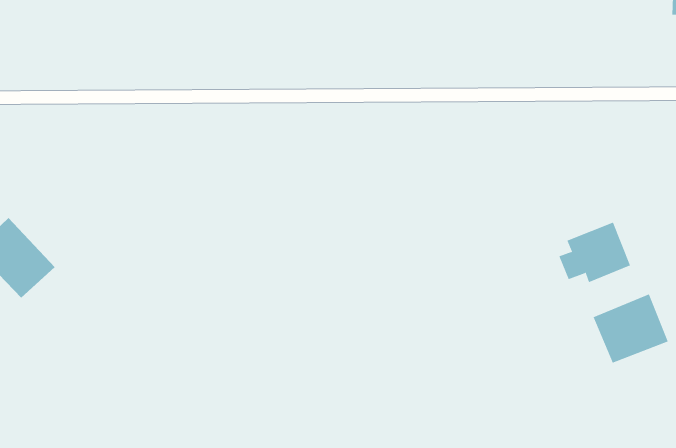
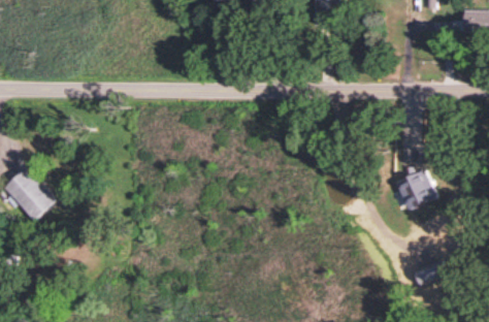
building: [593,293,669,364] -> none

